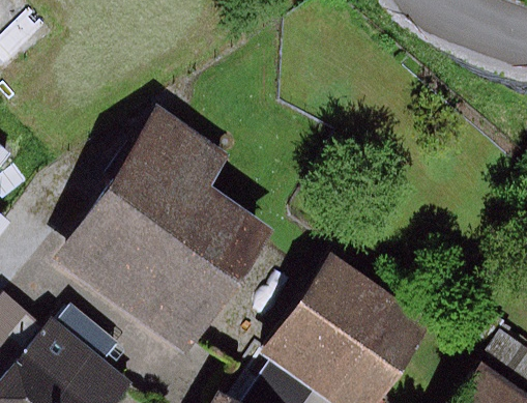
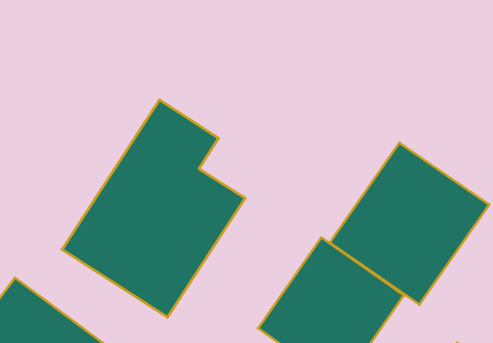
building: none -> [330,143,489,305]

